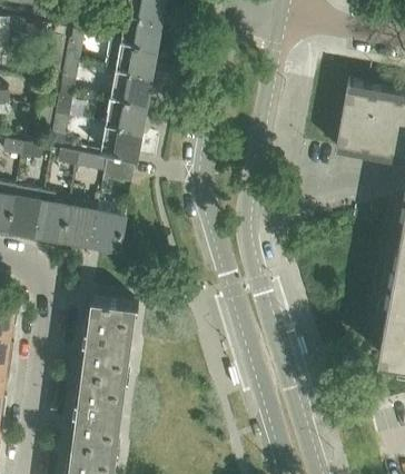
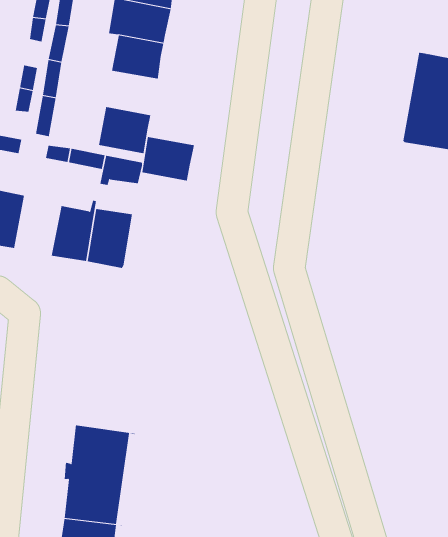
building: [106,96,147,130] -> [142,137,195,181]
building: [36,192,70,239] -> none
building: [82,299,139,377] -> none

